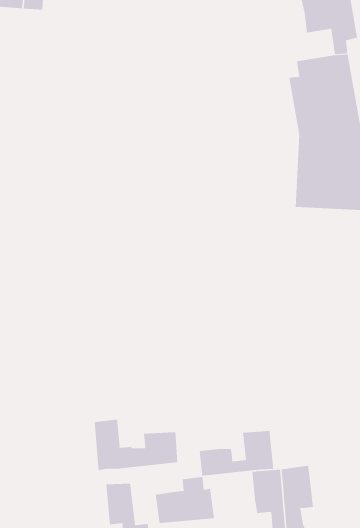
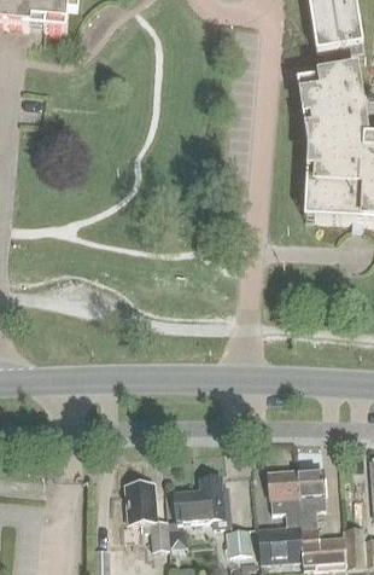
building: [94,419,178,471] -> none
building: [199,430,274,476] -> none

